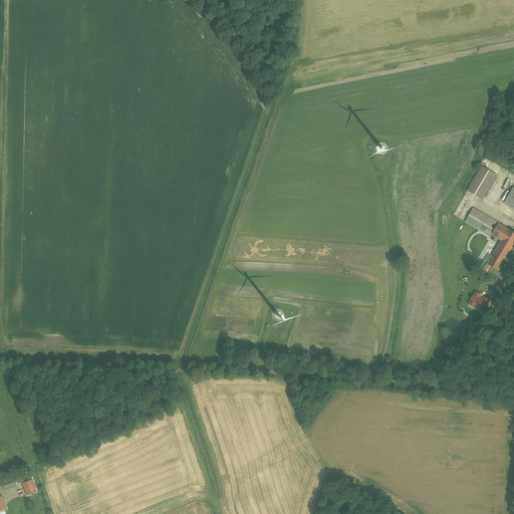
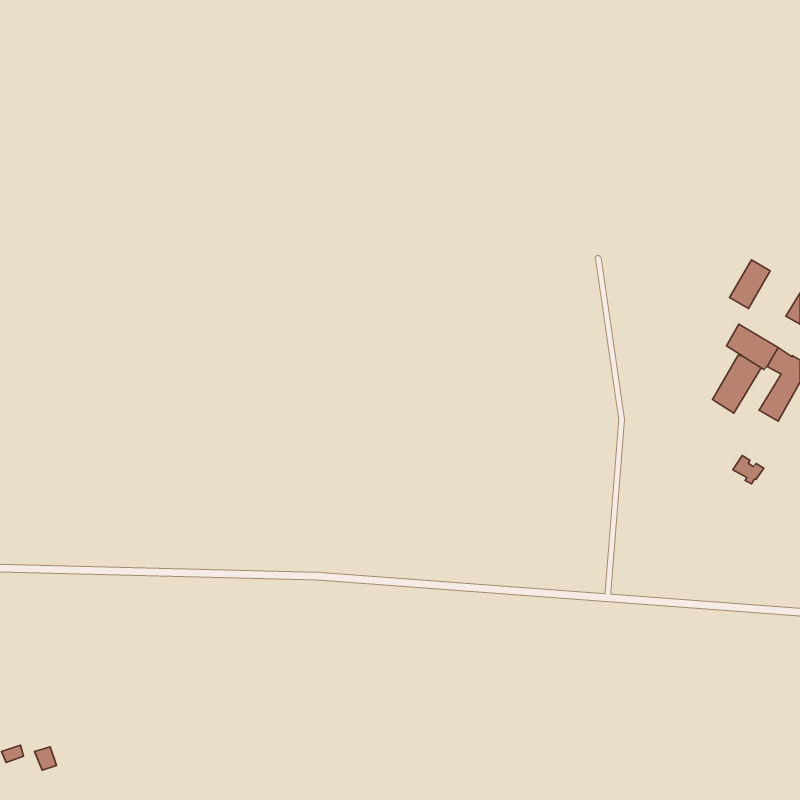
building: none -> [712,355,761,413]

